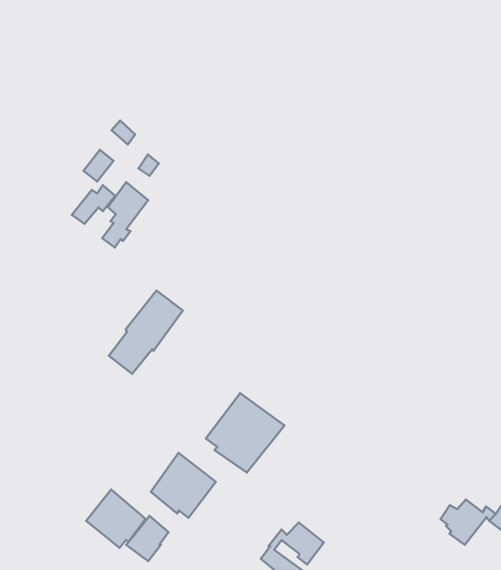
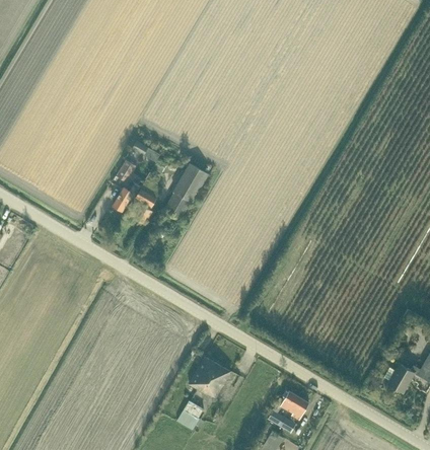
building: [109,290,183,374] -> [162,163,208,221]
building: [206,393,284,473] -> none
building: [86,489,145,548] -> none

